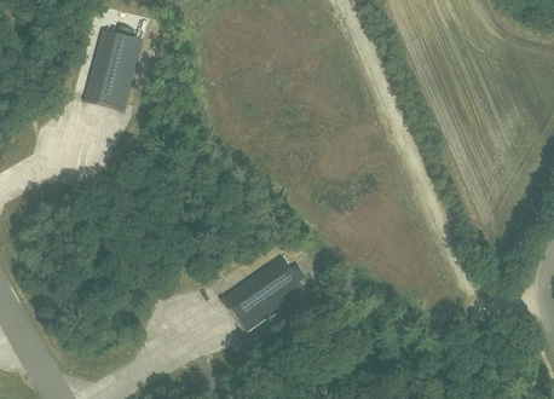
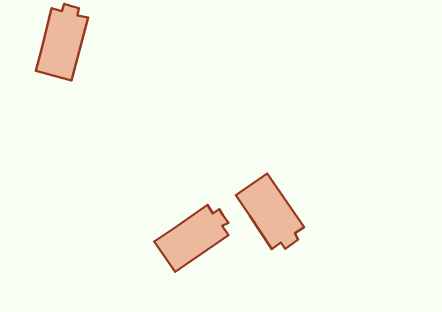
building: none -> [236,174,304,249]

